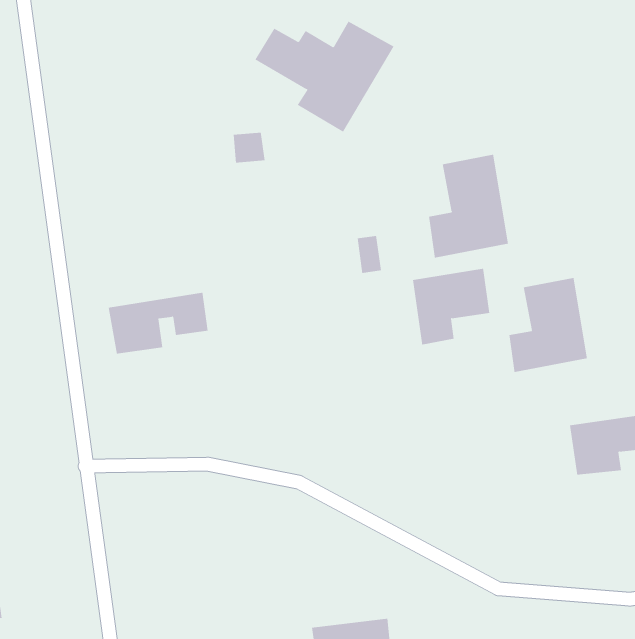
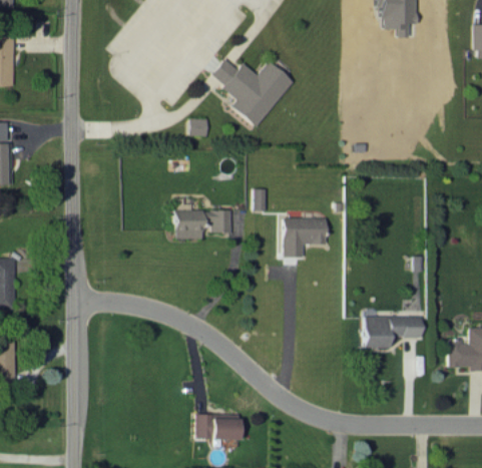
building: [428,154,508,258] -> none
building: [509,277,587,373] -> none
building: [108,292,209,354] -> [174,209,231,239]

